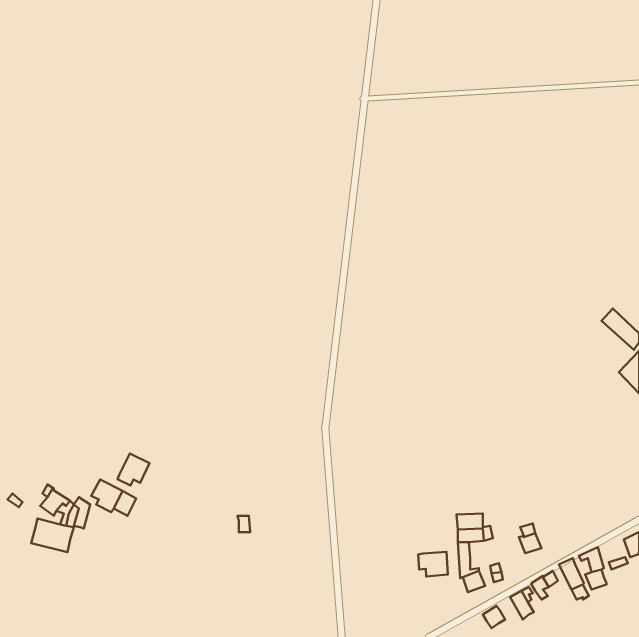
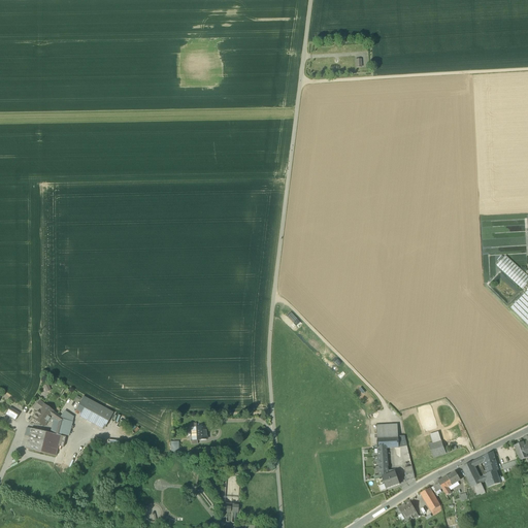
building: [118,453,149,486] -> none
building: [418,552,448,576] -> none

